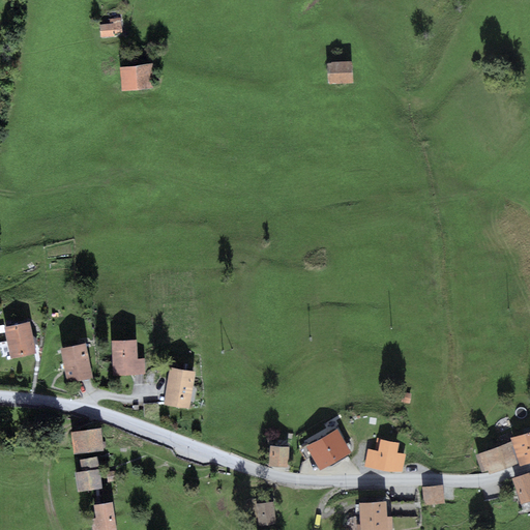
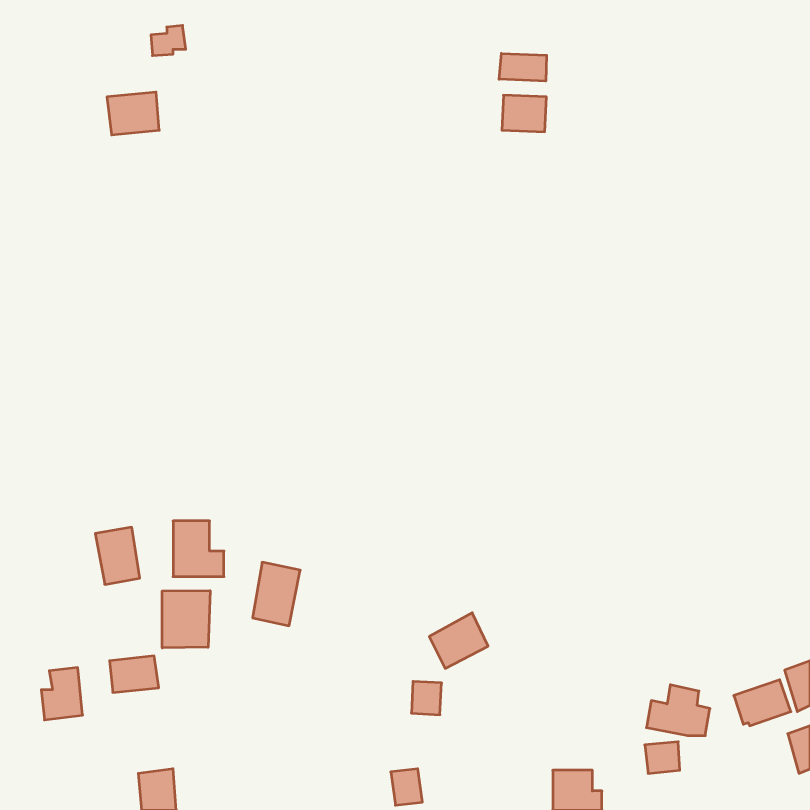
building: none -> [499,53,547,81]
building: [118,62,152,90] -> [107,92,159,135]
building: [5,321,36,358] -> none
building: none -> [162,591,210,648]
building: [308,431,347,467] -> [429,613,488,668]
building: [363,438,405,471] -> [646,685,710,736]
building: [75,457,101,491] -> [41,668,83,720]

